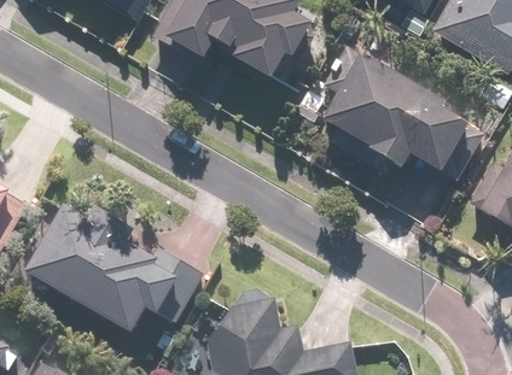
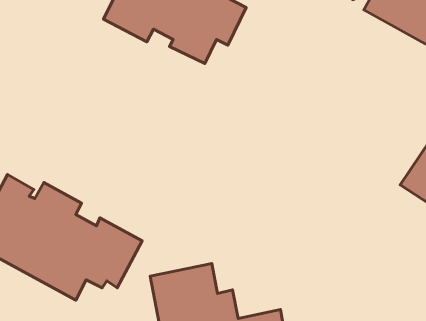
building: [326,59,466,176] -> none

